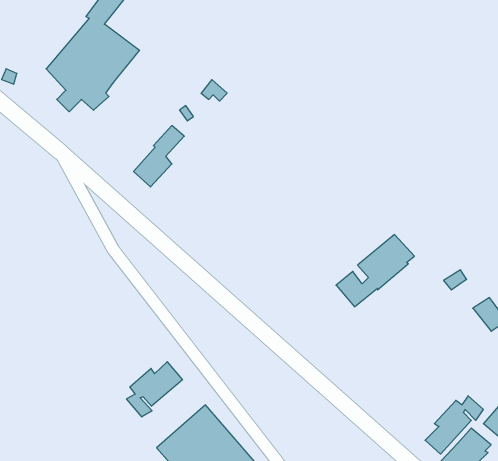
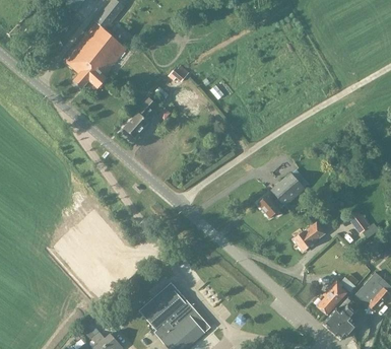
building: none -> [292,222,325,252]
building: [127,362,182,417] -> none

